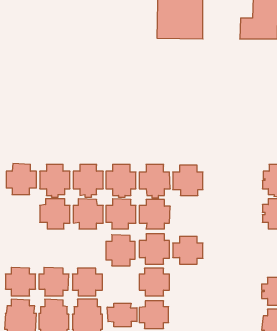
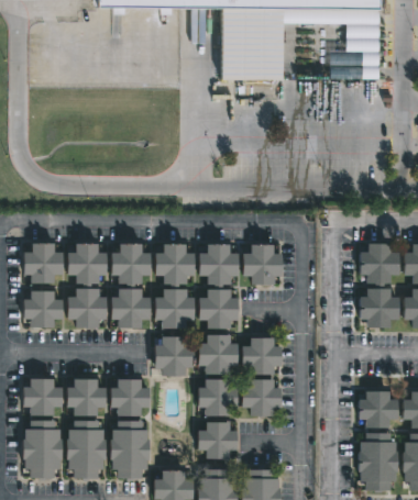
building: none -> [23,290,63,326]
building: none -> [242,379,282,415]
building: [107,303,137,327] -> none

